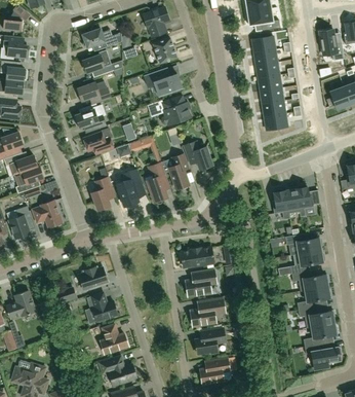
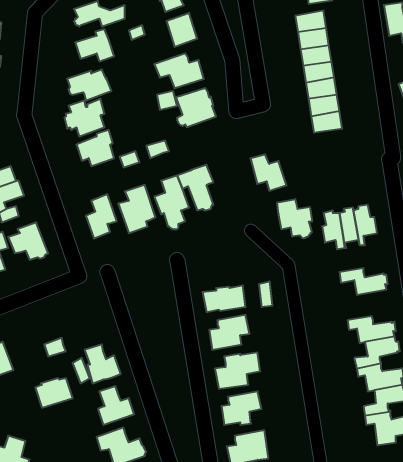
building: [185,142,212,170] -> [250,154,287,191]
building: none -> [277,199,312,238]
building: [290,250,324,274] -> none
building: [79,267,108,290] -> [35,378,73,408]

